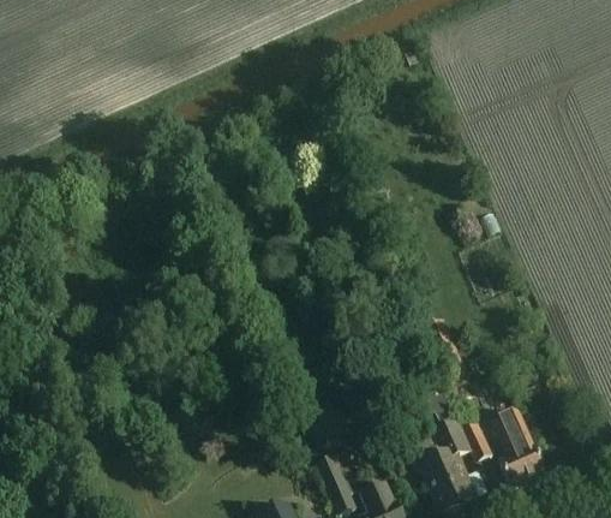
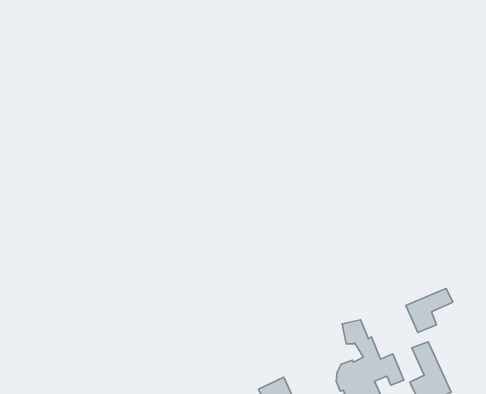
building: none -> [406,289,453,332]

